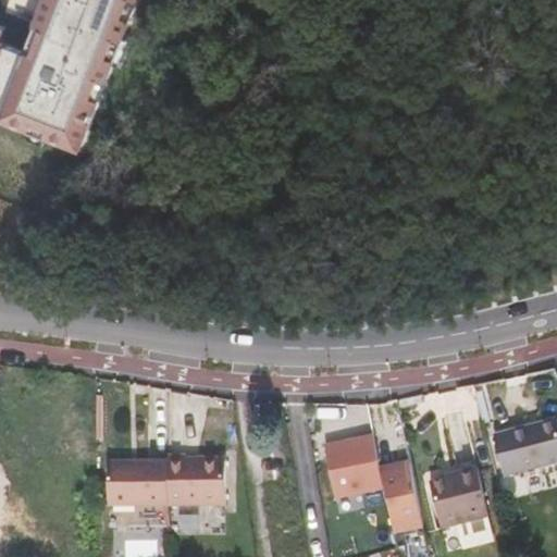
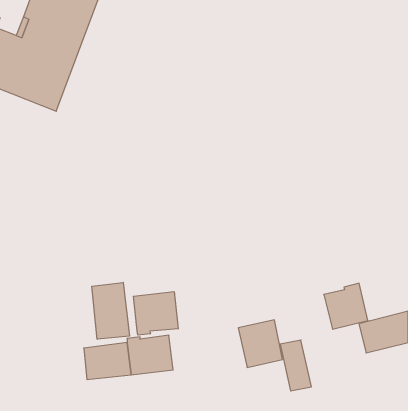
building: none -> [92,282,129,339]
building: none -> [133,292,178,335]
building: [428,468,487,530] -> [324,283,368,329]

